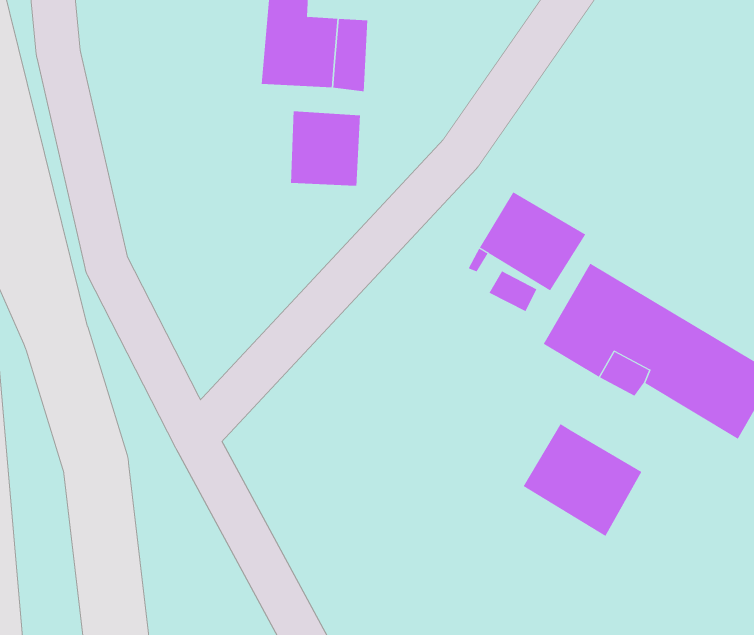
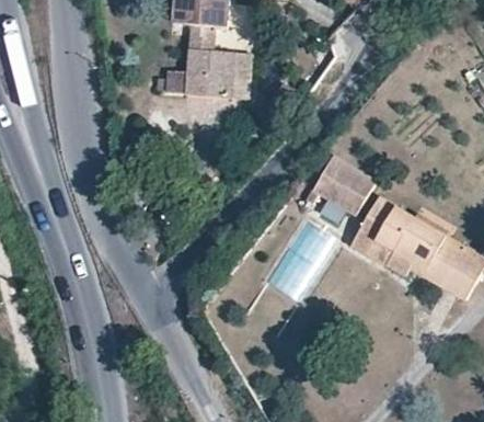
building: [291,110,361,187] -> none
building: [523,423,642,537] -> none

